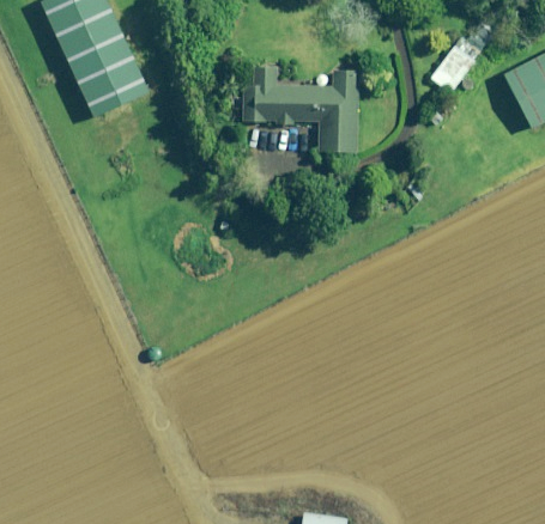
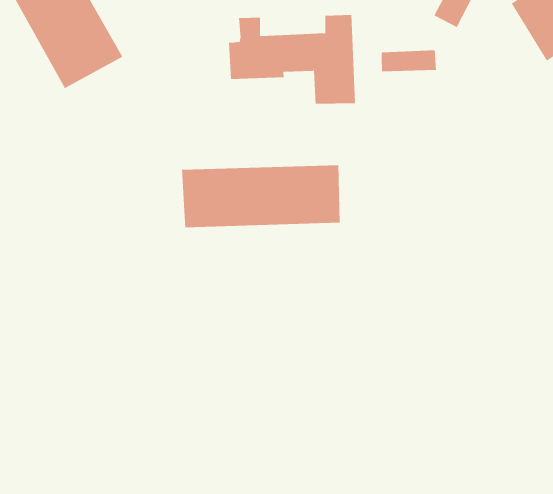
building: none -> [381,50,436,72]
building: none -> [182,165,340,228]

